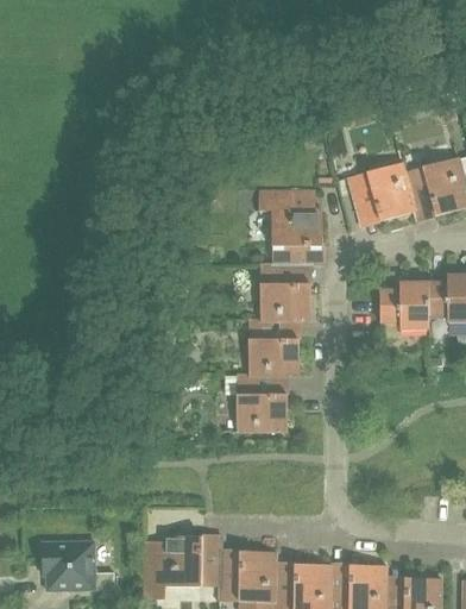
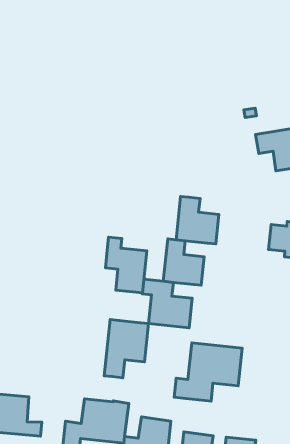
building: [258,189,321,265] -> none
building: none -> [105,237,147,293]
building: none -> [104,319,149,378]
building: none -> [174,343,242,401]

